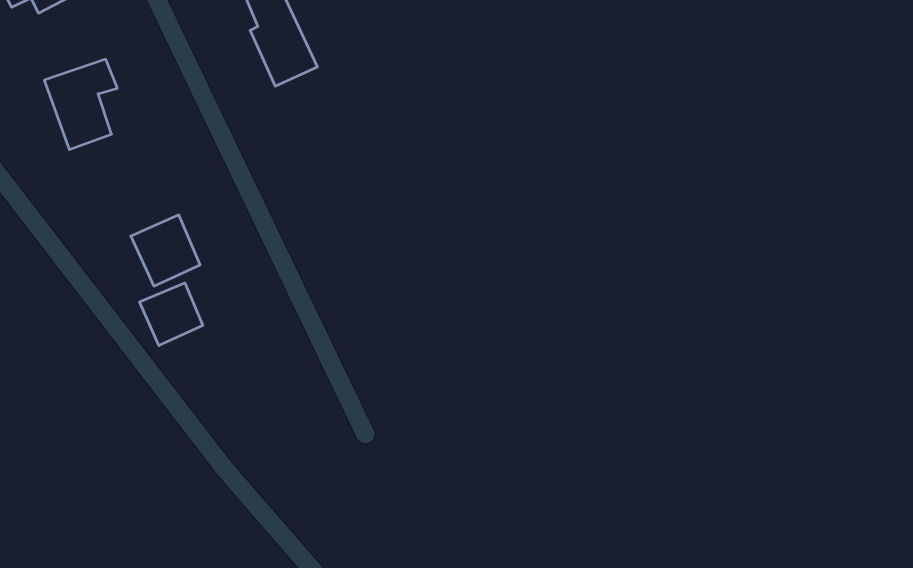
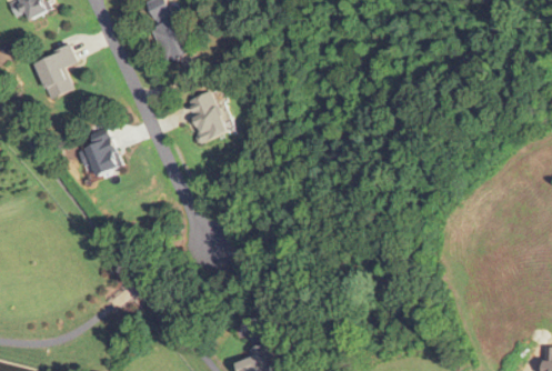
building: none -> [183,91,227,143]
building: [140,283,203,346] -> none

